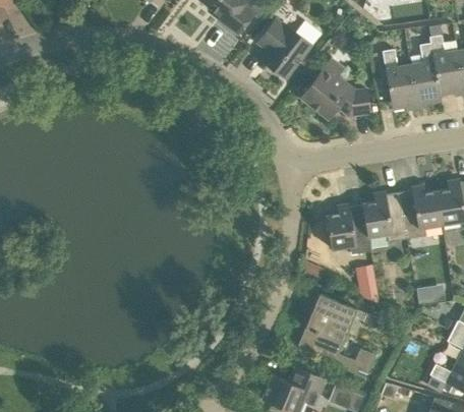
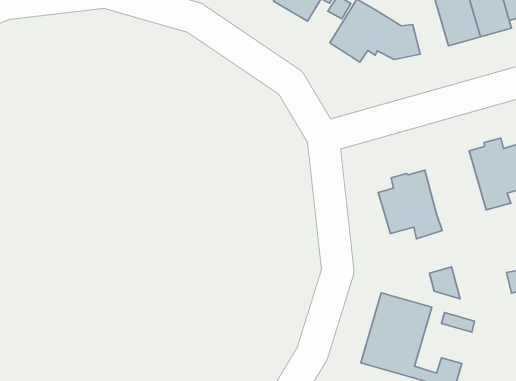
building: [363,191,407,242] -> none

